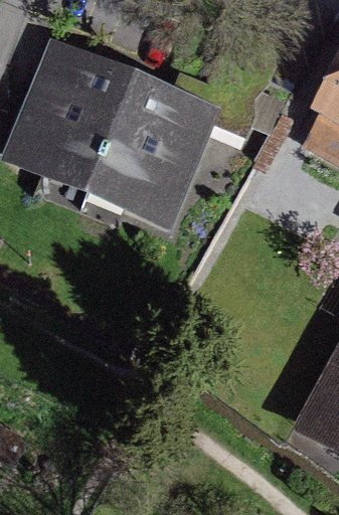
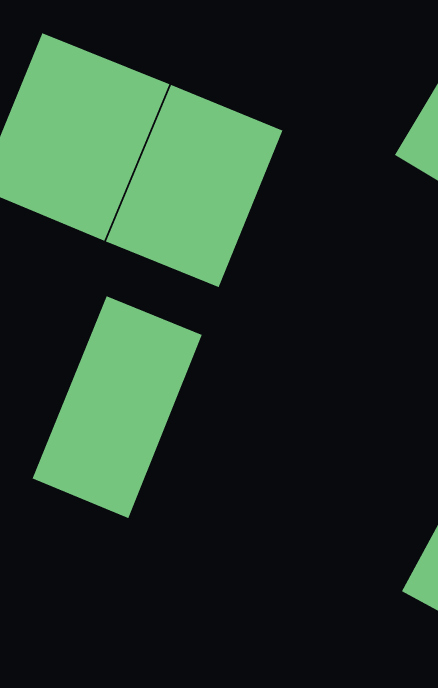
building: none -> [31,295,203,519]

